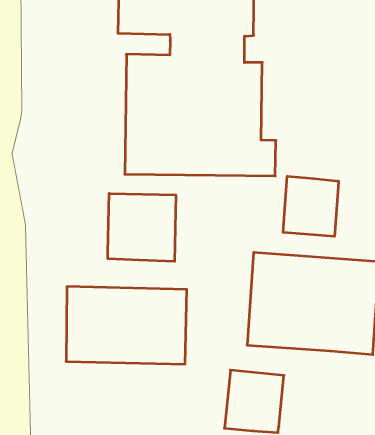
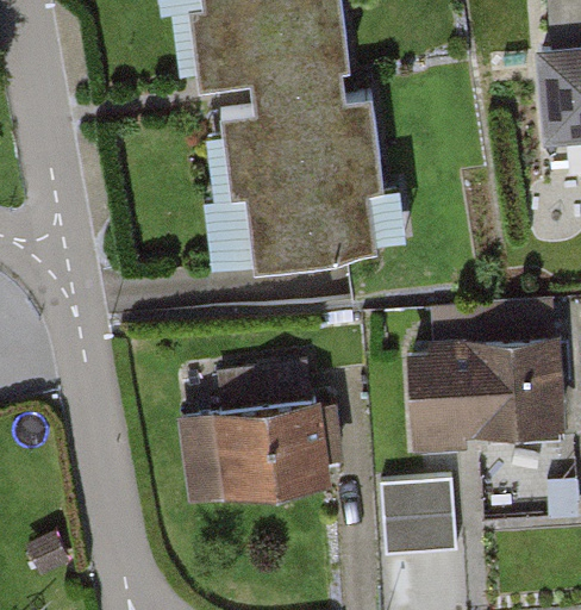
building: [283,176,338,236] -> none
building: [108,193,176,261] -> none

